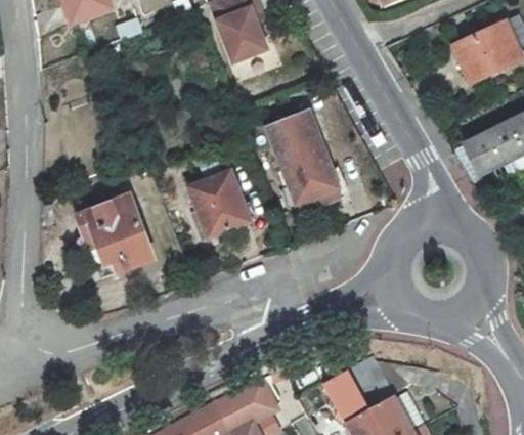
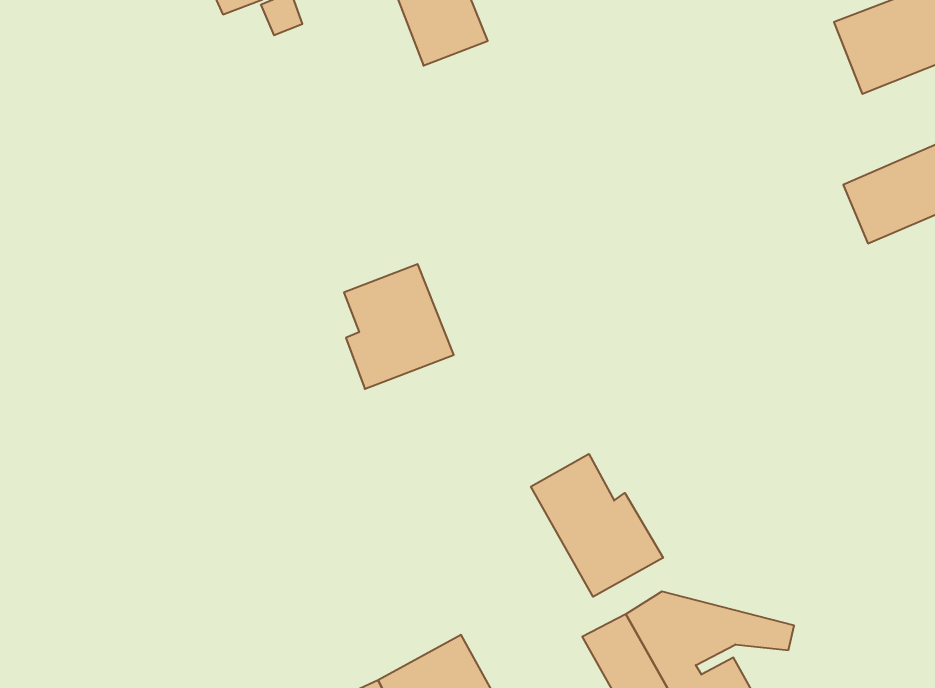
building: [270,104,342,206] -> none
building: [77,198,154,280] -> none
building: none -> [531,454,663,597]

